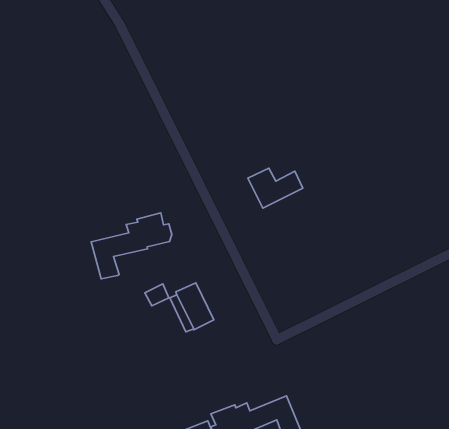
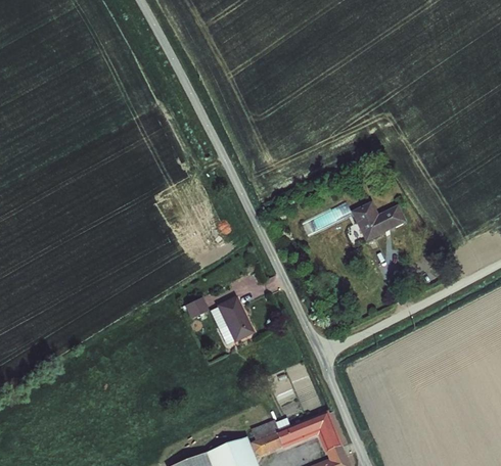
building: [248,168,303,208] -> [350,201,406,242]
building: [91,213,172,279] -> none

